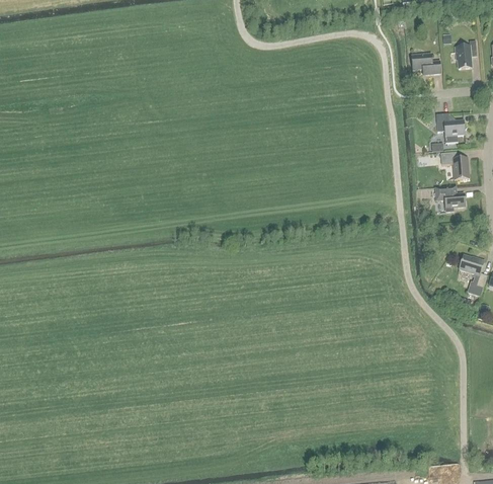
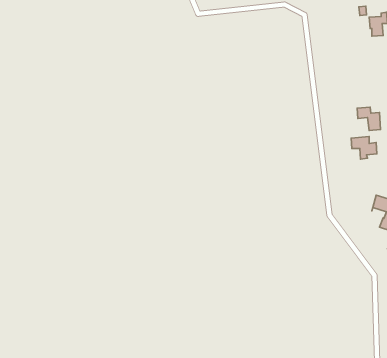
building: [411,54,440,74] -> none
building: [435,112,466,143] -> none

